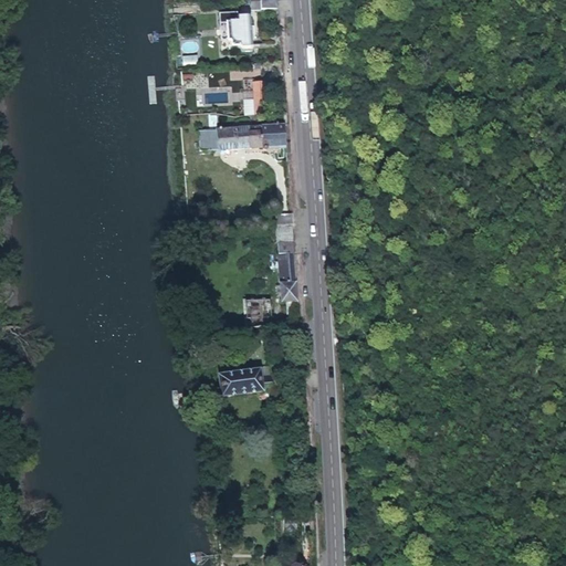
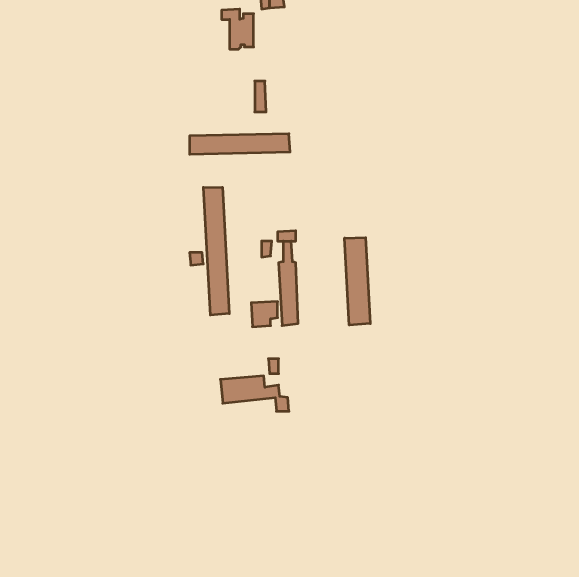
building: none -> [203,187,229,315]
building: none -> [345,238,370,325]

